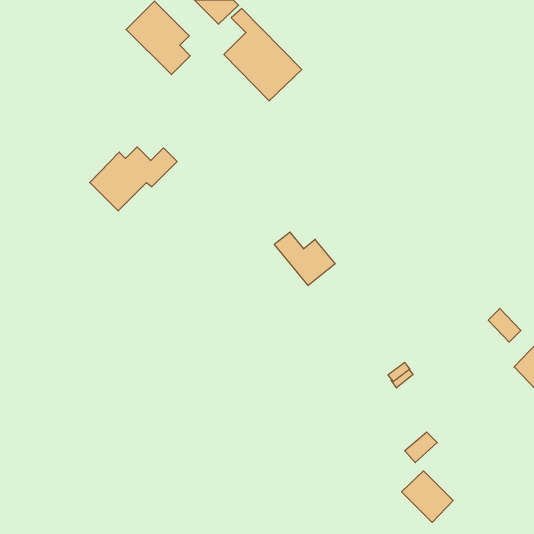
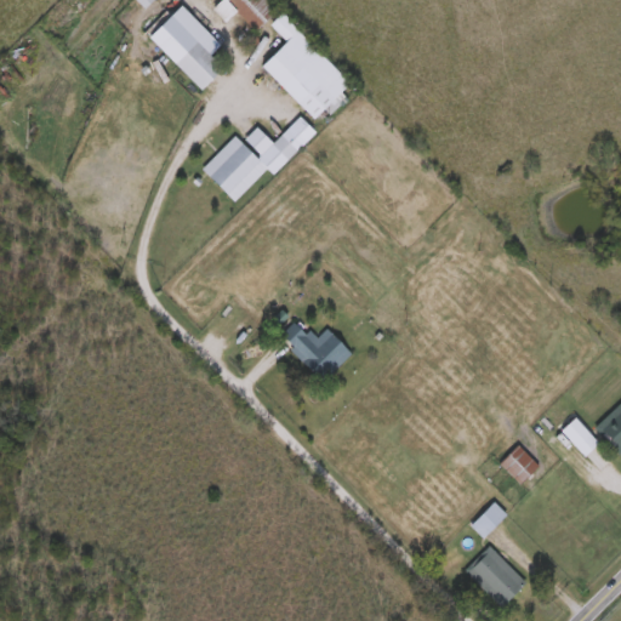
building: [90,147,177,211] -> [203,127,303,201]
building: [274,232,335,286] -> [283,319,353,381]
building: [488,308,521,342] -> [562,417,599,456]
building: none -> [501,445,540,484]

